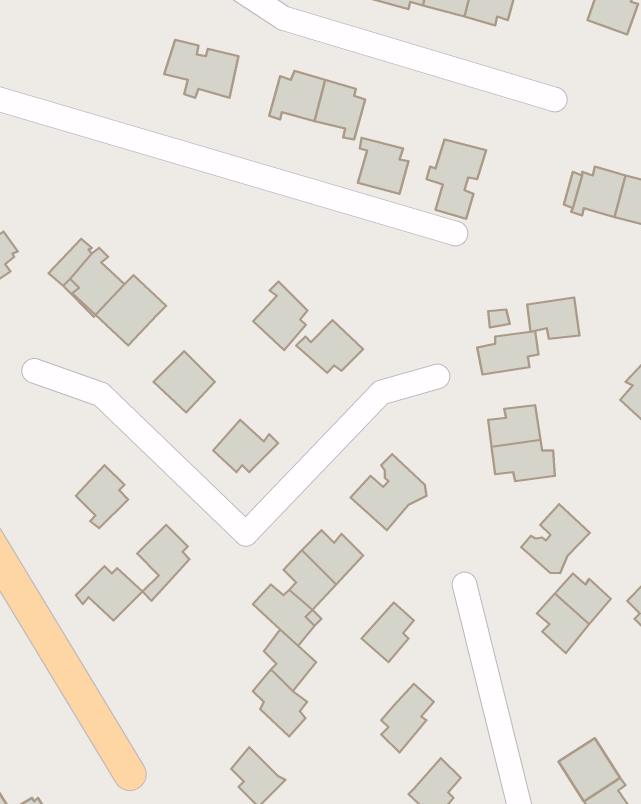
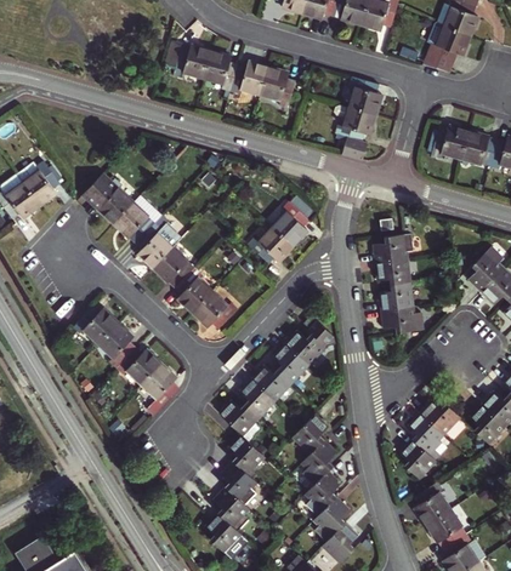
building: none -> [422,25,471,72]
building: none -> [204,50,238,90]
building: [358,138,409,194] -> [348,75,382,113]
building: [253,281,308,350] -> [273,200,310,246]
building: [527,297,579,339] -> [374,258,409,286]
building: none -> [136,217,178,268]
building: none -> [175,268,211,314]
building: none -> [75,307,120,344]
building: none -> [274,346,310,384]
building: [521,504,590,573] -> none
building: [76,566,143,621] -> [117,347,161,383]
building: none -> [402,435,438,475]
building: none -> [302,440,337,485]
building: none -> [414,480,449,523]
building: none -> [212,487,249,532]
building: none -> [314,495,350,541]

